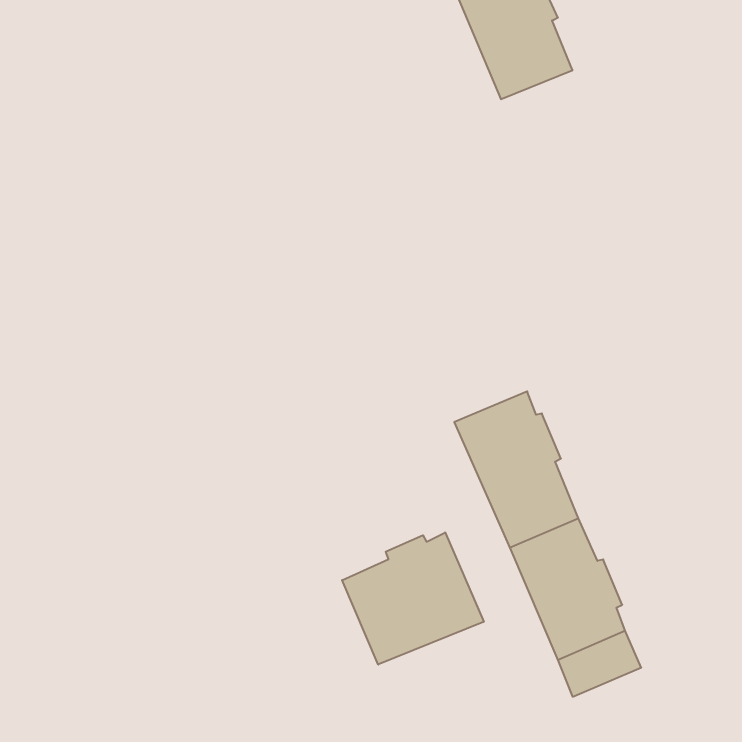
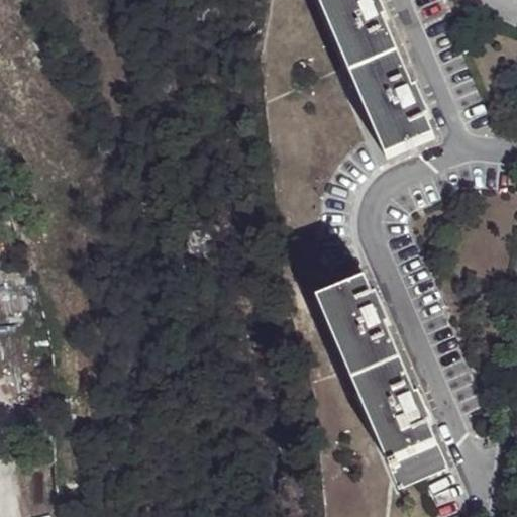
building: none -> [346,48,432,152]
building: [342,532,484,665] -> none

